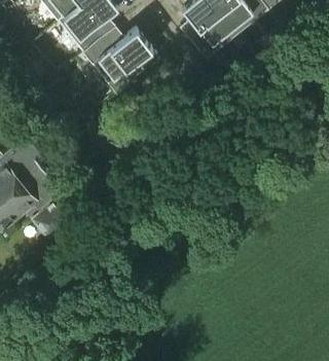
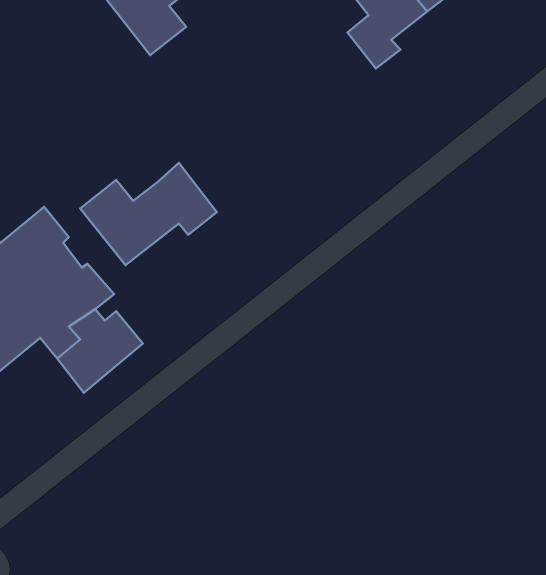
building: [82,30,156,85] -> [80,163,217,265]

